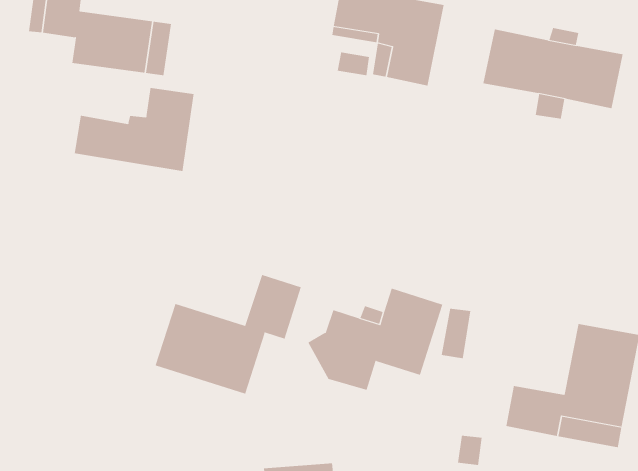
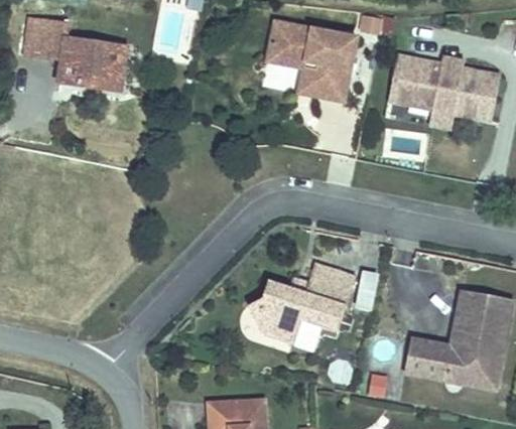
building: [74,87,194,172] -> none
building: [155,274,301,394] -> none

